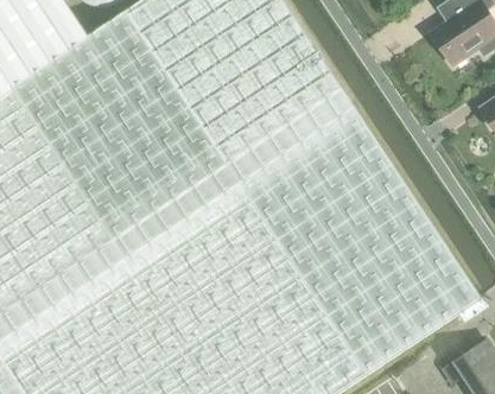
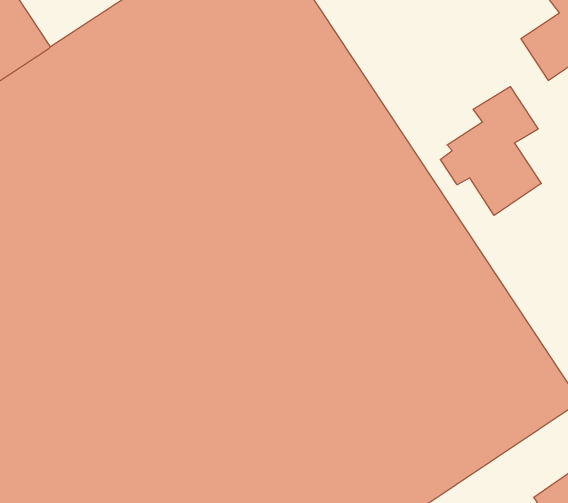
building: none -> [440,87,541,215]

